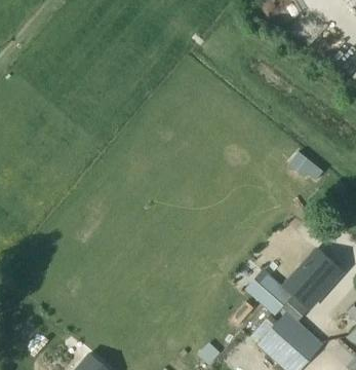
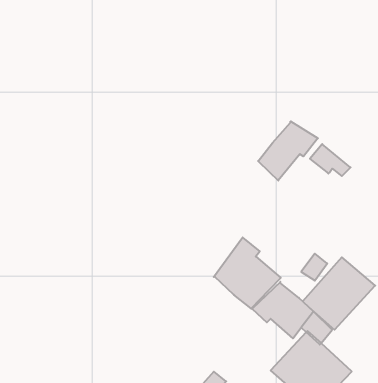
building: none -> [258,121,318,181]
building: none -> [214,237,281,309]

